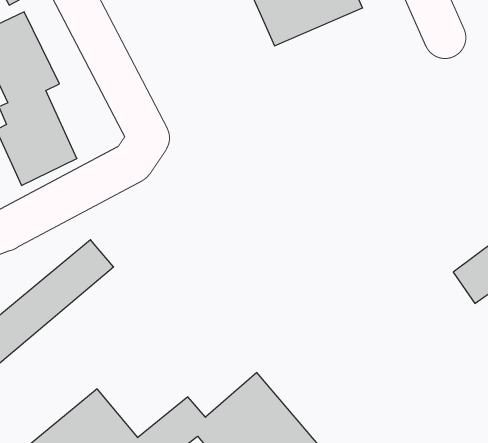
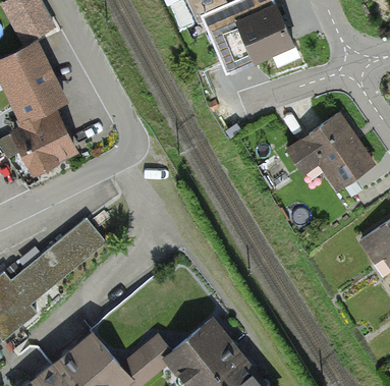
building: none -> [285,116,372,184]

